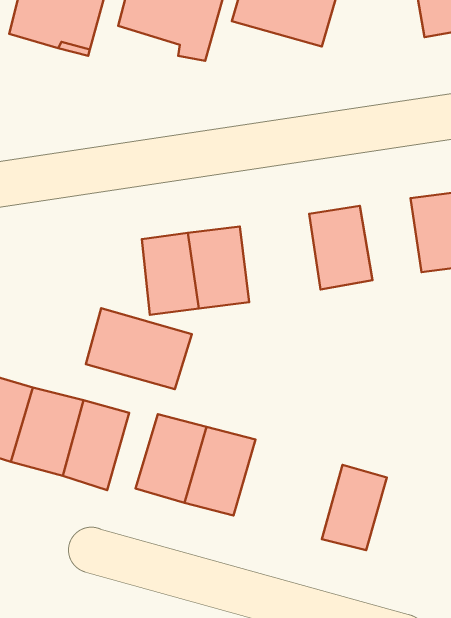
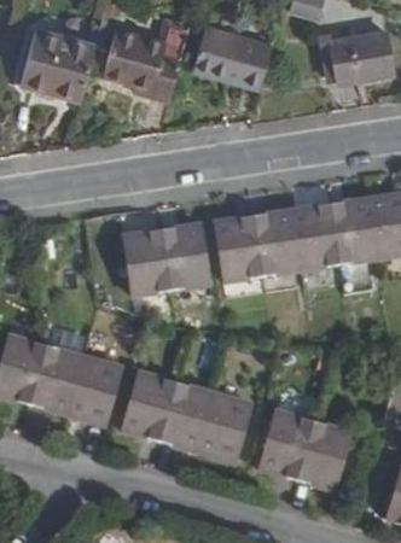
building: none -> [291,205,338,268]
building: none -> [217,217,261,280]
building: [86,308,192,389] -> none
building: none -> [194,390,249,459]
building: none -> [296,419,349,486]

